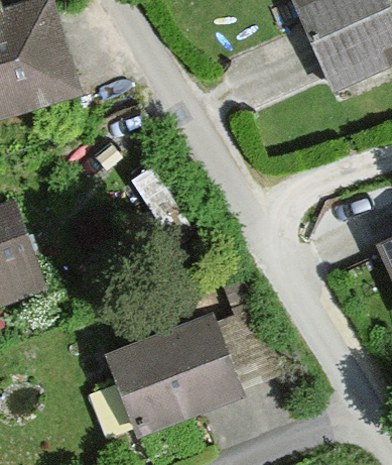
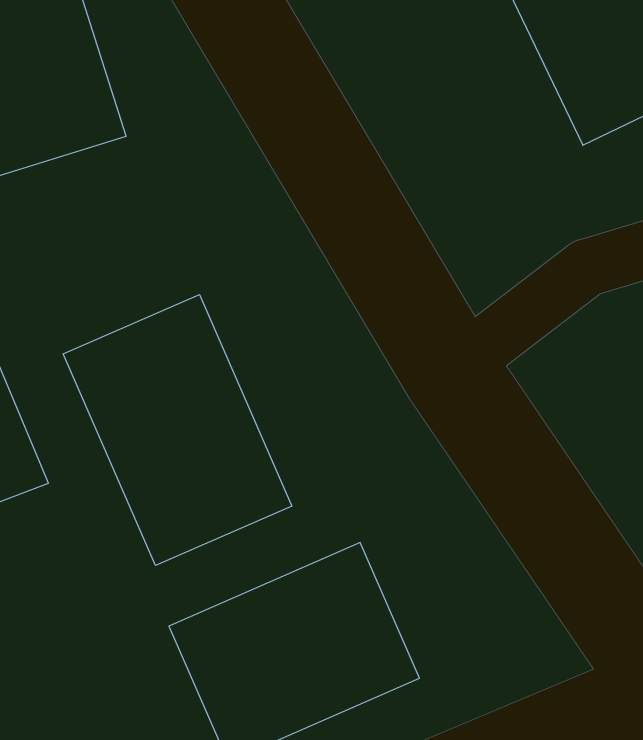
building: none -> [63,295,292,565]

